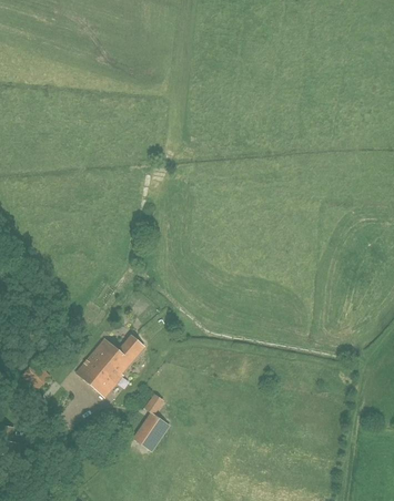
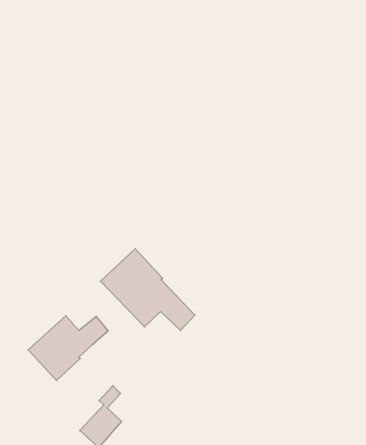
building: none -> [101,249,195,331]

